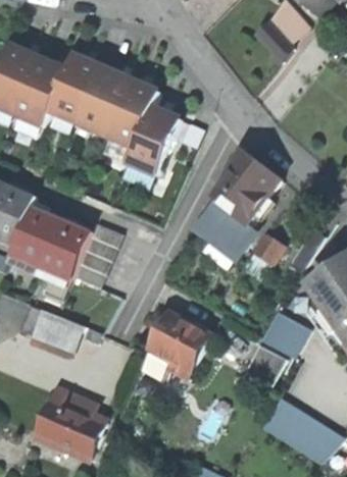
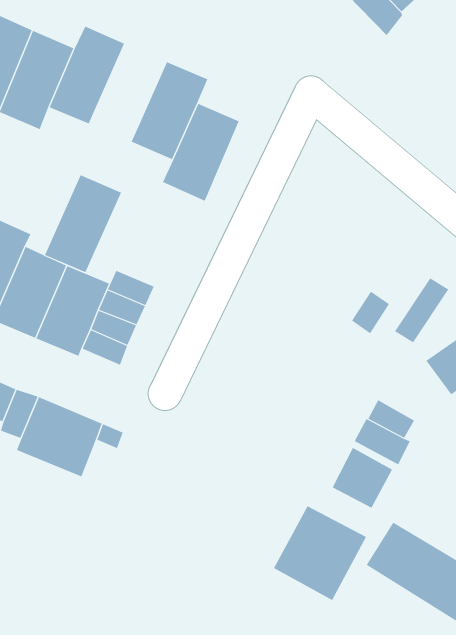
building: [76,66,129,134] -> [44,175,122,273]
building: [193,148,279,248] -> none
building: [144,312,208,377] -> [273,505,367,601]
building: [34,390,106,459] -> none

